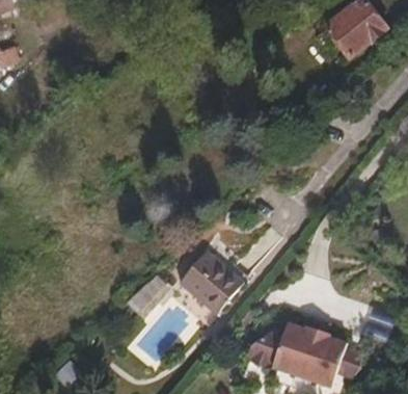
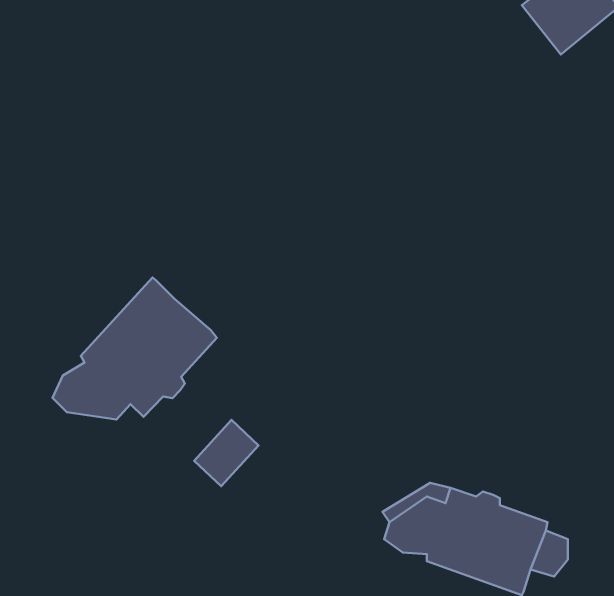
building: none -> [52,278,217,420]
building: [175,248,241,314] -> none

